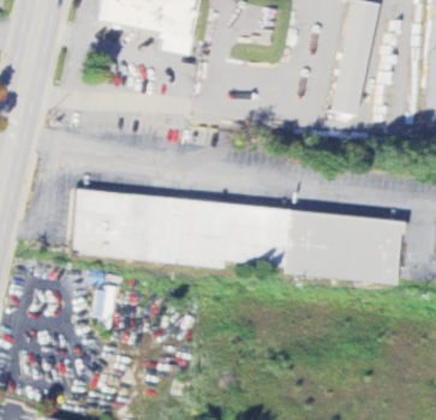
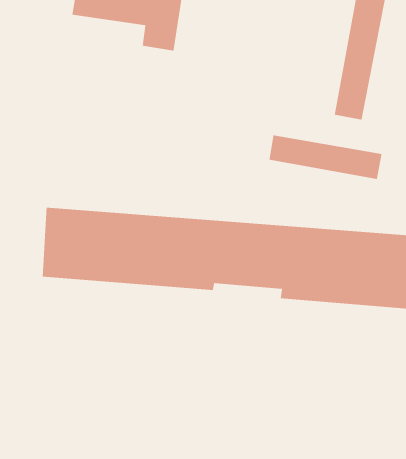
building: none -> [268,135,382,180]

